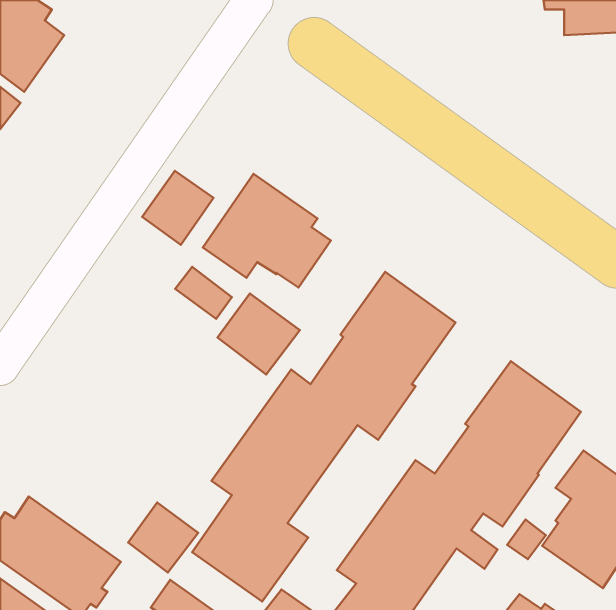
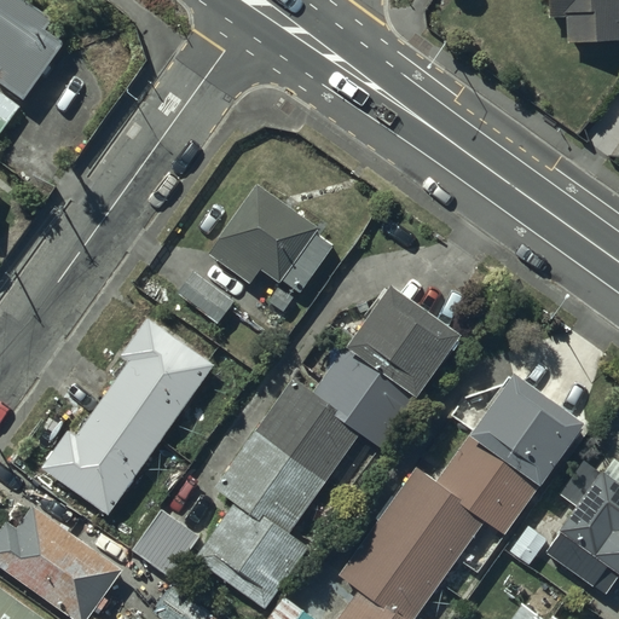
building: [142,171,214,245] -> none
building: [218,293,300,374] -> none
building: none -> [41,319,213,516]

